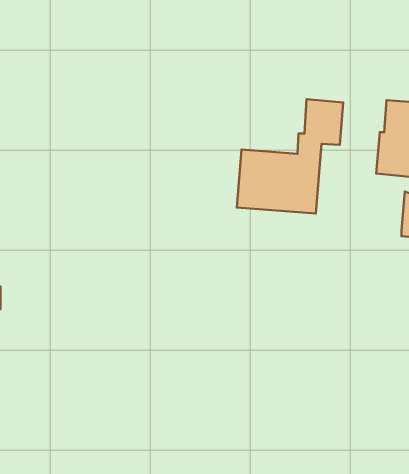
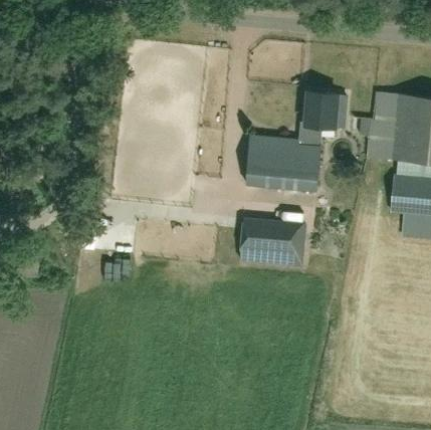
building: none -> [239,216,306,265]

